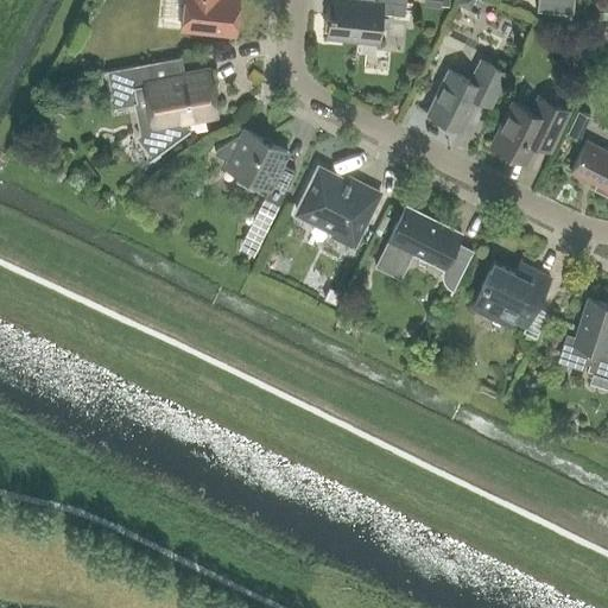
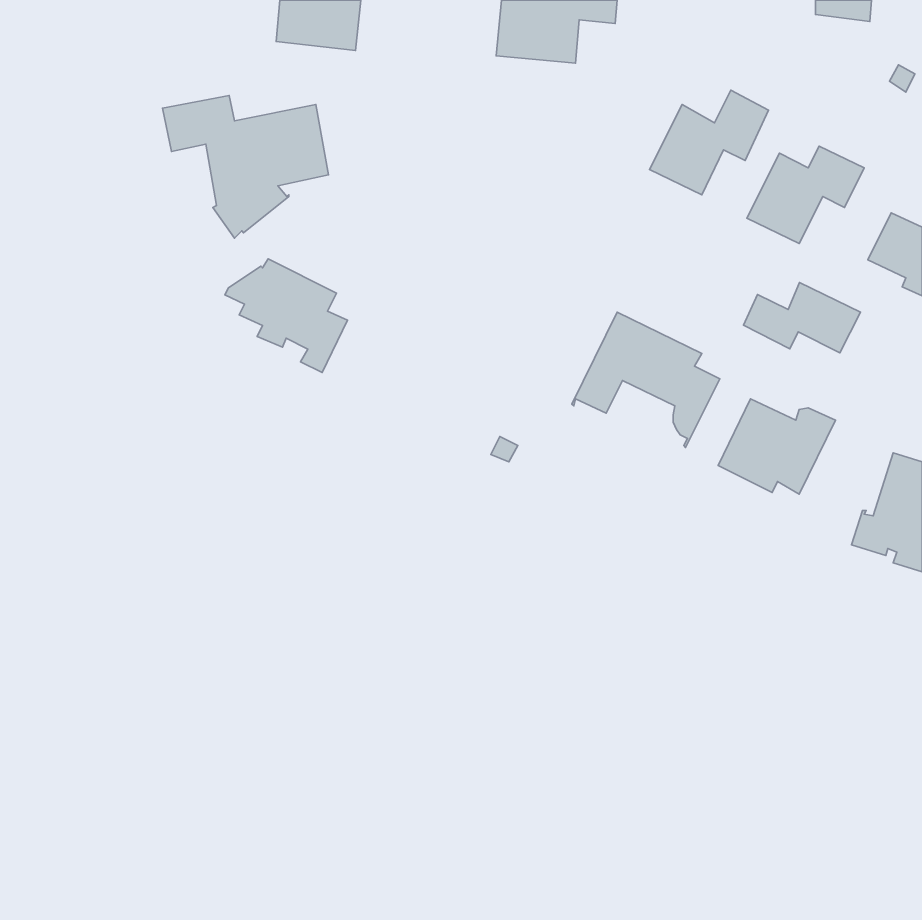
building: [215,131,296,205] -> [225,259,347,373]
building: [297,167,380,247] -> none
building: none -> [744,282,861,353]

